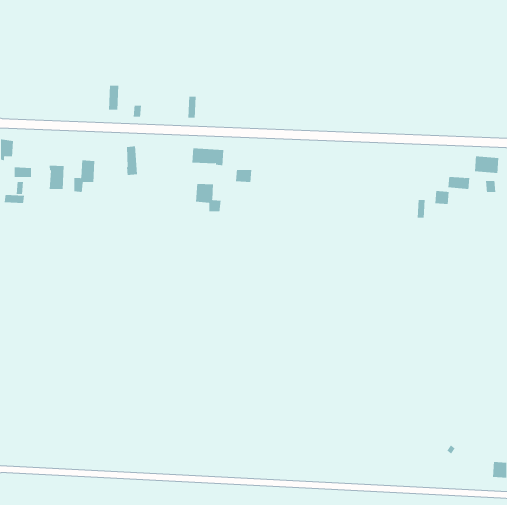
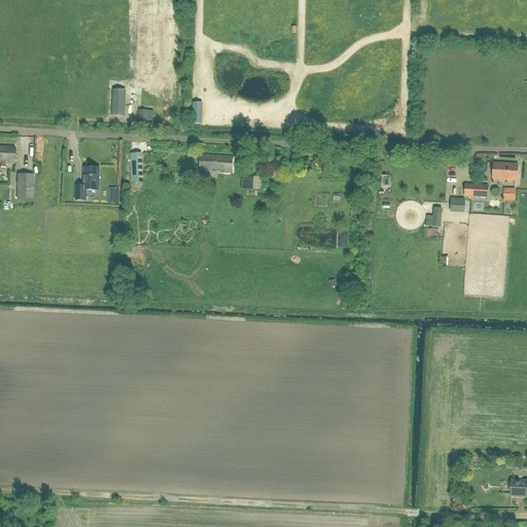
building: [49,165,64,190] -> none
building: [196,183,221,212] -> none

